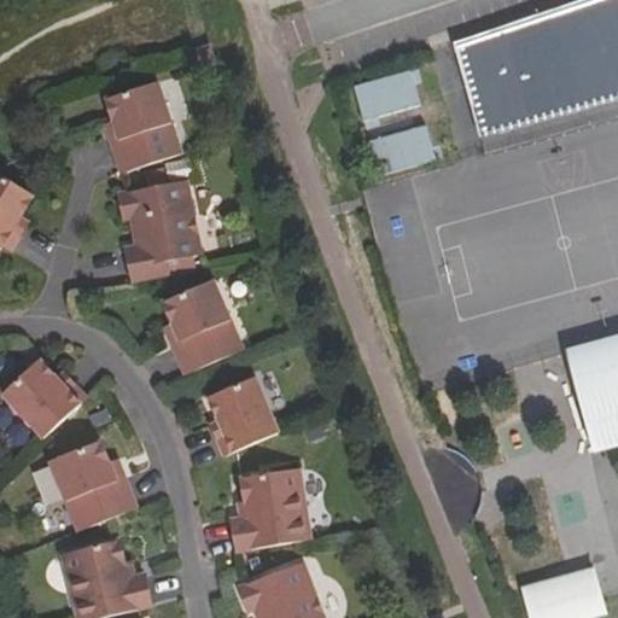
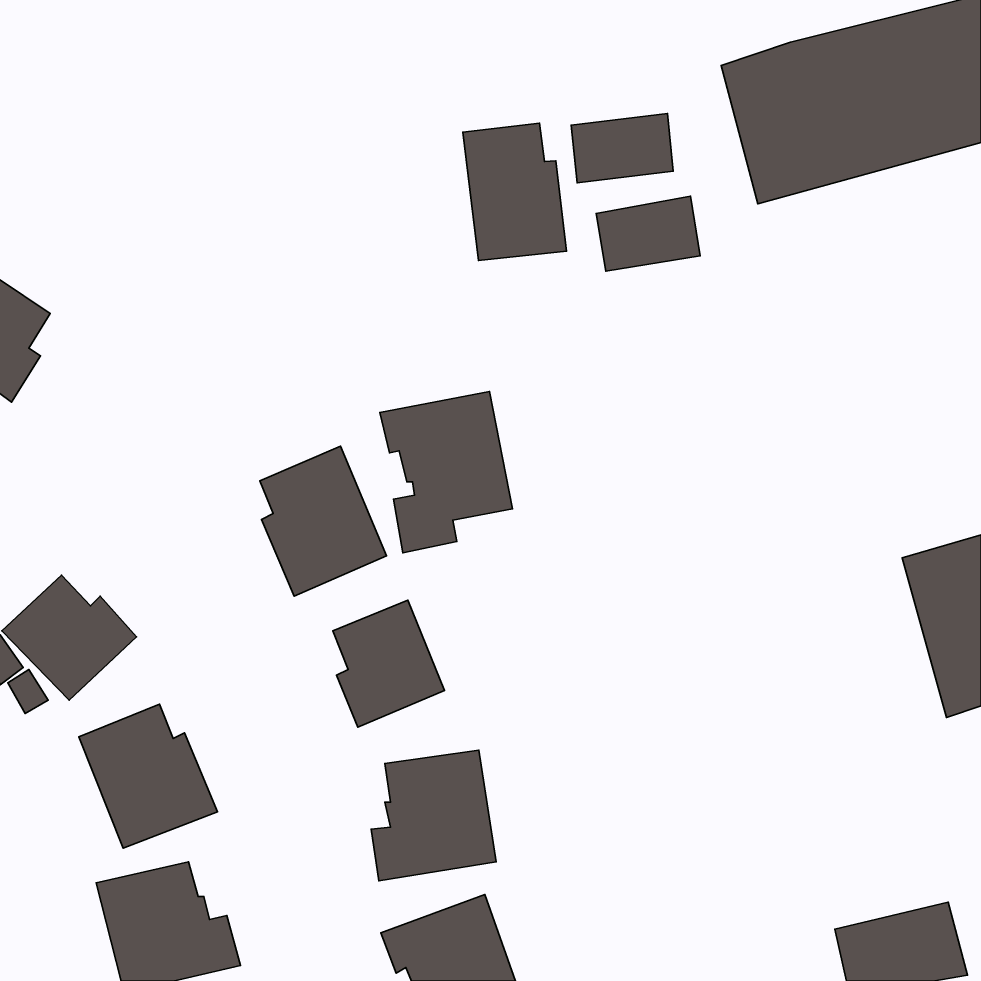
building: none -> [463,123,567,261]
building: [104,82,181,174] -> none
building: [118,181,202,282] -> [380,391,513,553]

